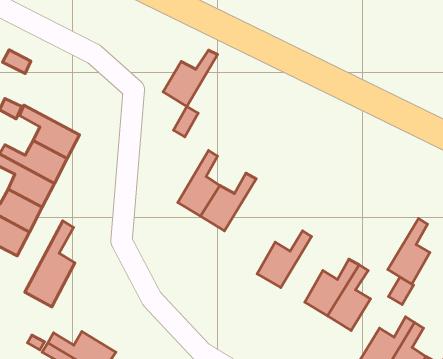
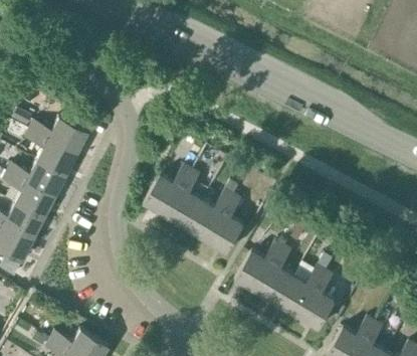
building: [163,50,217,107] -> [146,162,194,212]
building: none -> [30,114,90,152]
building: none -> [208,191,246,249]
building: [388,219,430,284] -> [258,242,295,301]
building: [25,221,75,307] -> none

